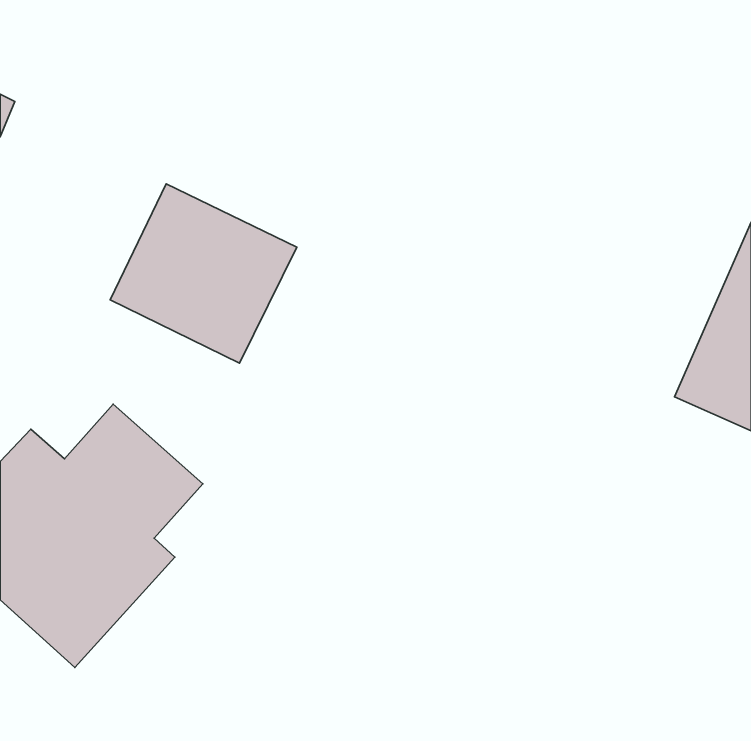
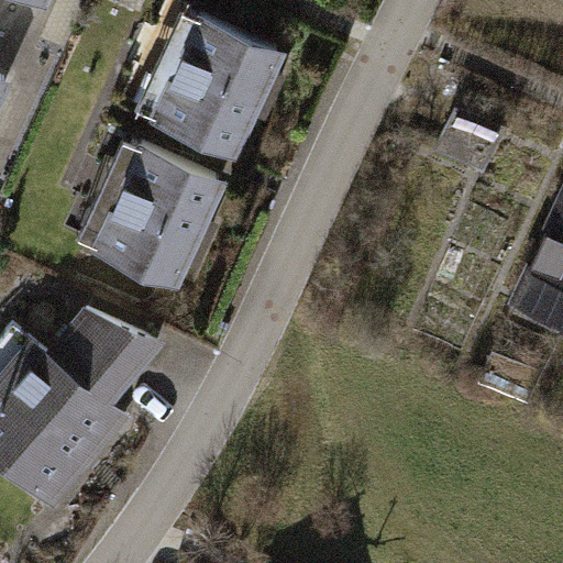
building: none -> [143,15,283,148]

